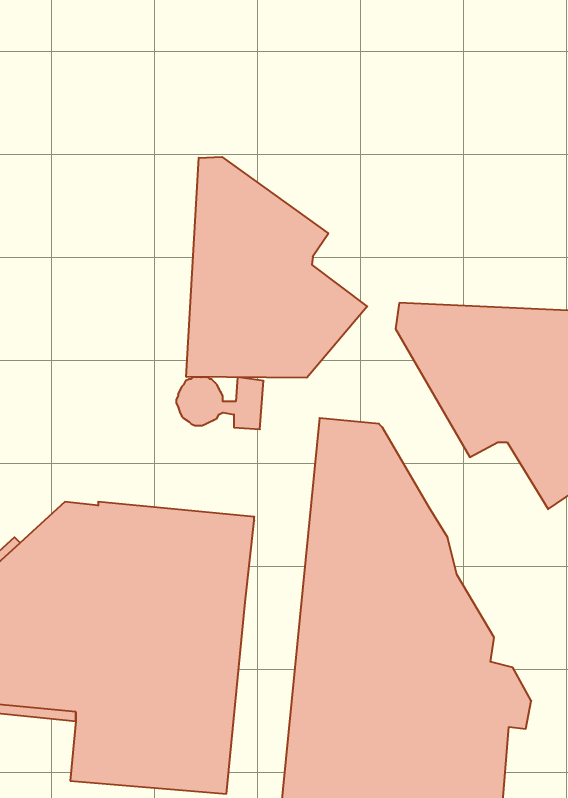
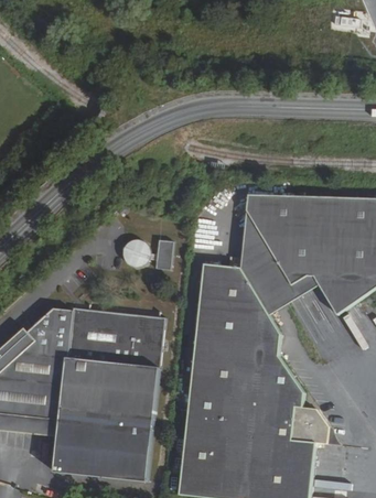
building: [186,157,367,378] -> none
building: none -> [238,206,318,312]

